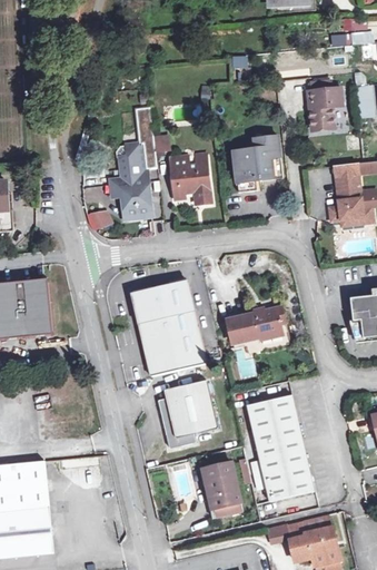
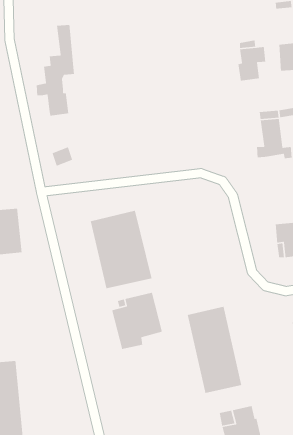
building: [110,106,157,216] -> [36,24,75,117]
building: [234,134,281,189] -> none
building: [169,151,211,202] -> none
building: [226,304,289,351] -> none
building: [205,461,241,515] -> none

